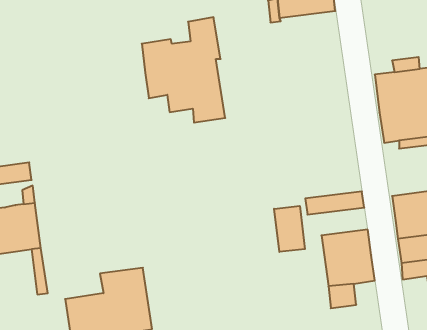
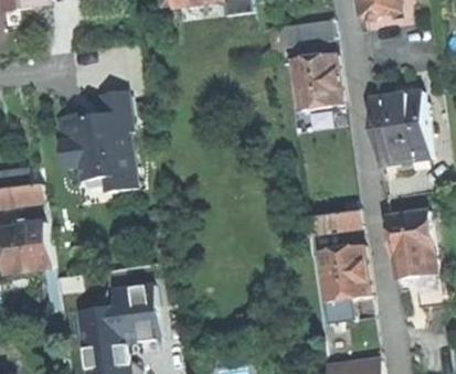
building: [142,17,225,123] -> [56,89,136,190]
building: none -> [293,54,342,108]
building: [274,206,305,252] -> none

